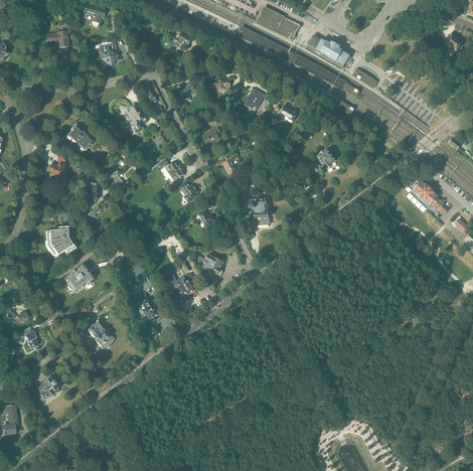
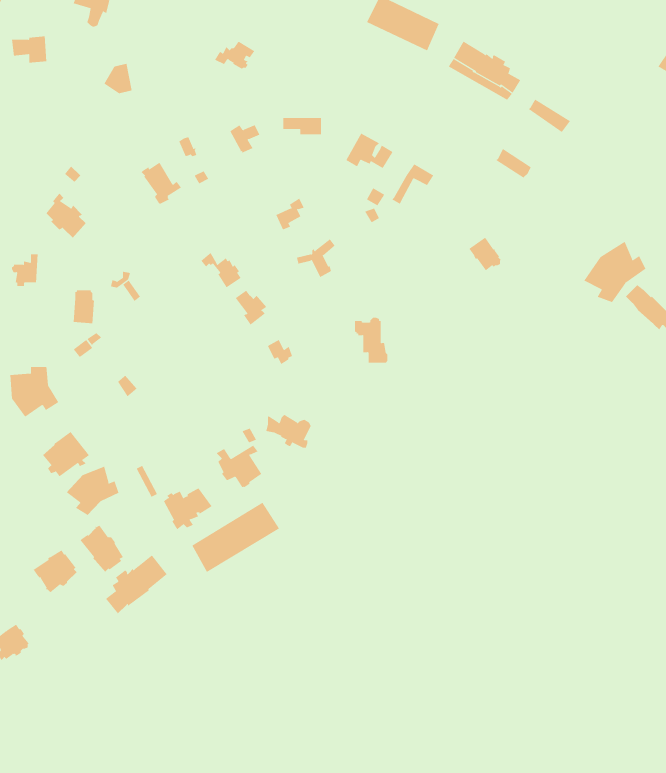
building: none -> [583,241,646,303]
building: none -> [66,466,119,516]
building: none -> [191,502,280,573]
building: none -> [33,549,78,593]
building: none -> [105,555,167,614]

